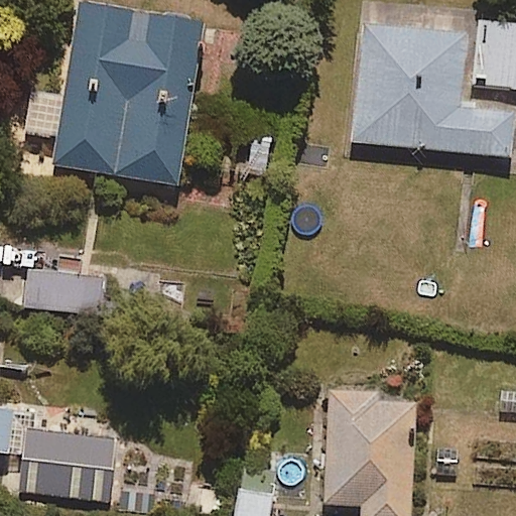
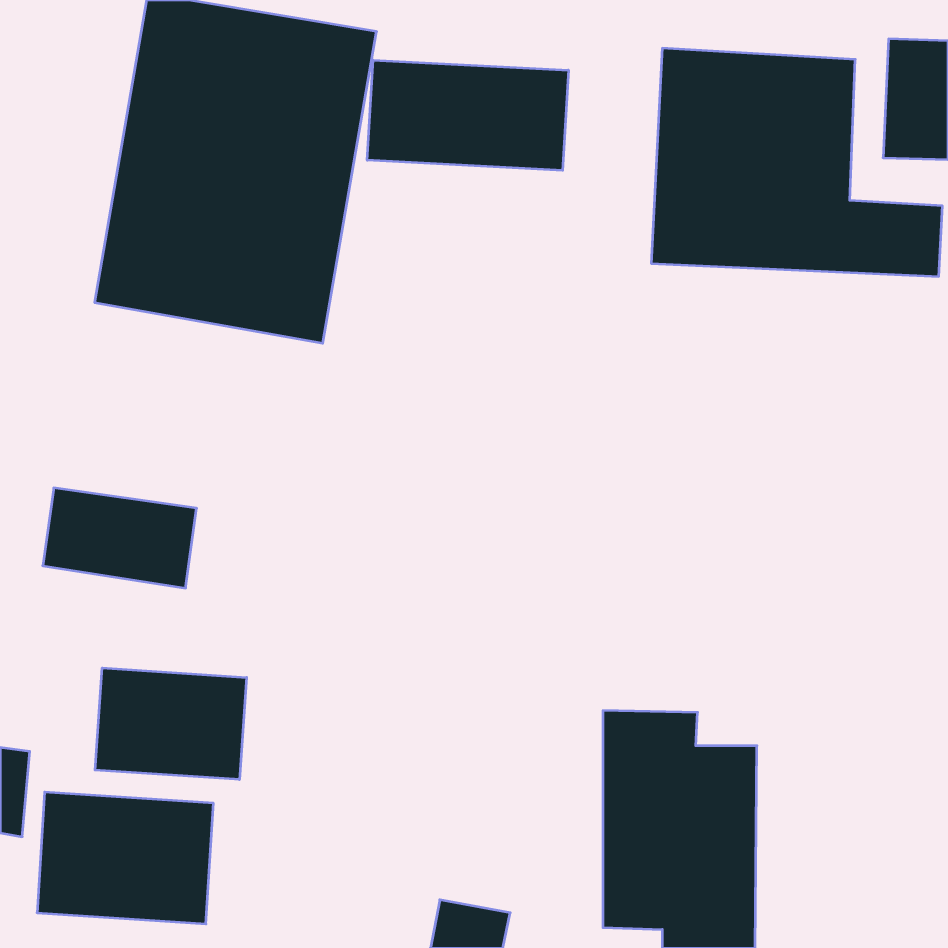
building: none -> [367,60,568,170]
building: none -> [95,668,247,780]

